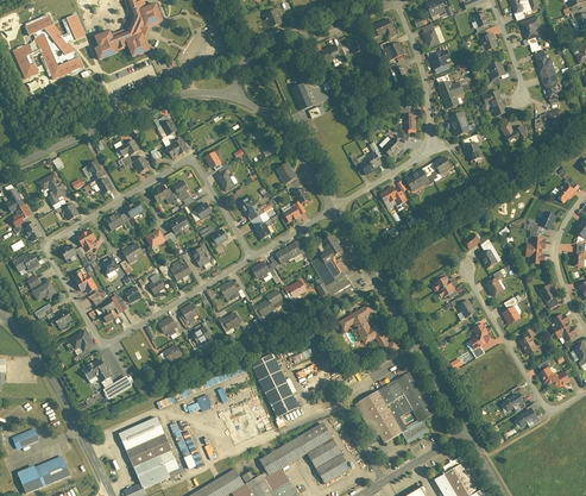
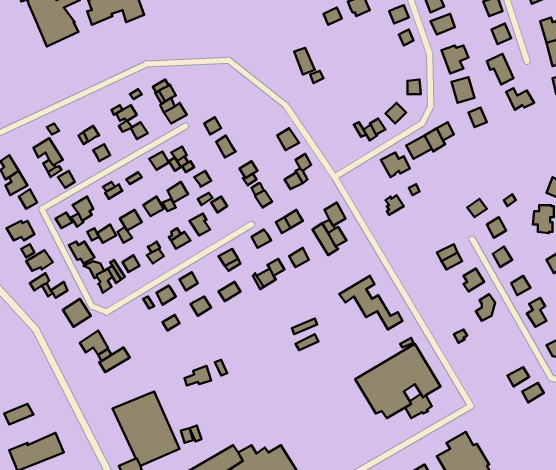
building: [12,44,39,80] -> none
building: [250,354,298,419] -> none
building: [259,423,351,485] -> none

